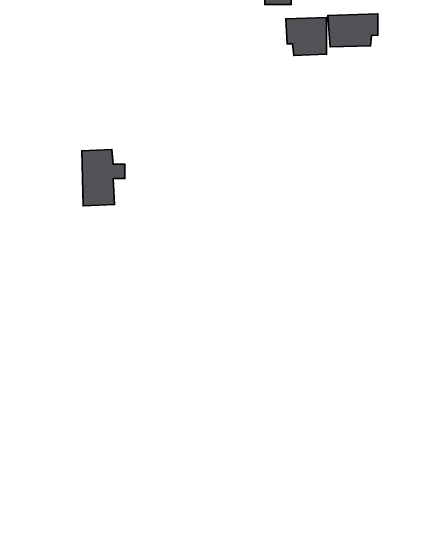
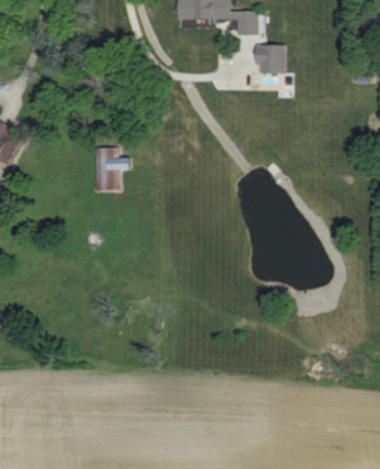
building: [328,14,378,47] -> none

